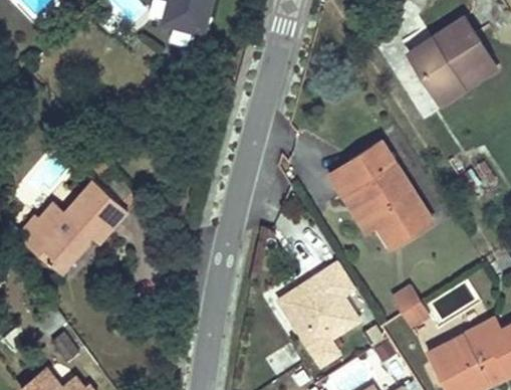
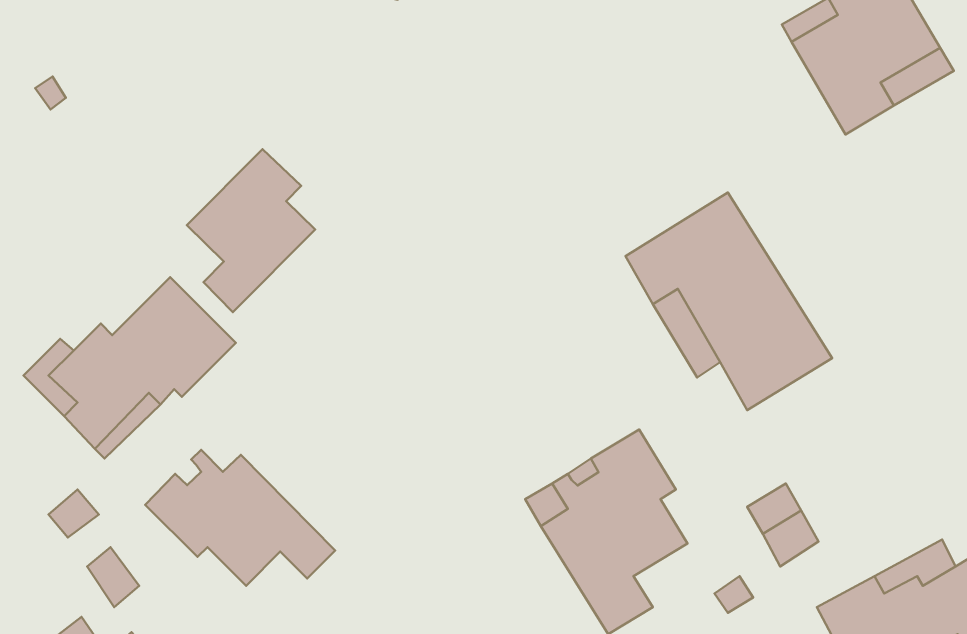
building: none -> [187,149,315,312]
building: none -> [145,450,335,586]

